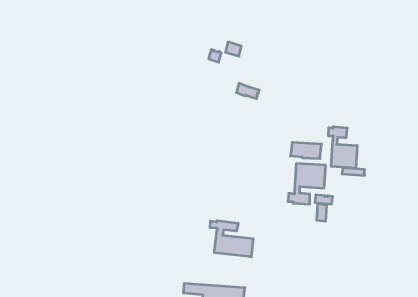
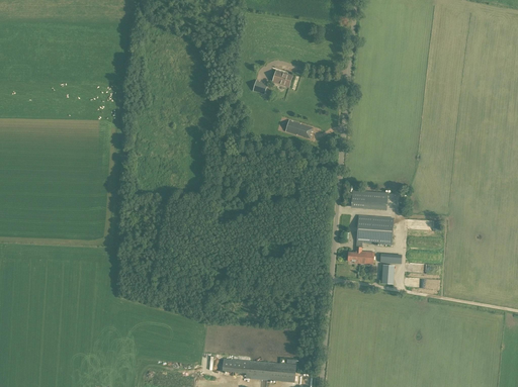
building: [329,127,357,168] -> none
building: [210,221,253,257] -> none

